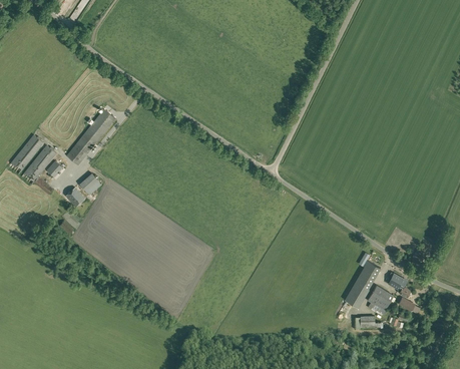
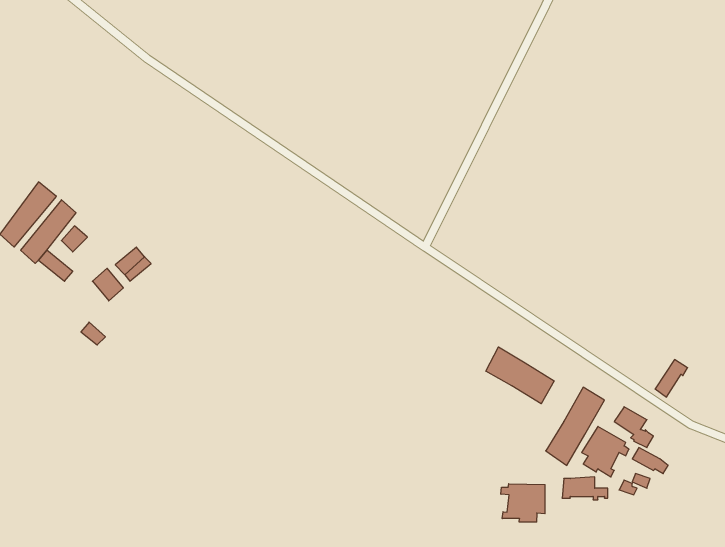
building: [67,108,115,164] -> none
building: none -> [486,347,554,404]
building: none -> [501,484,545,522]

